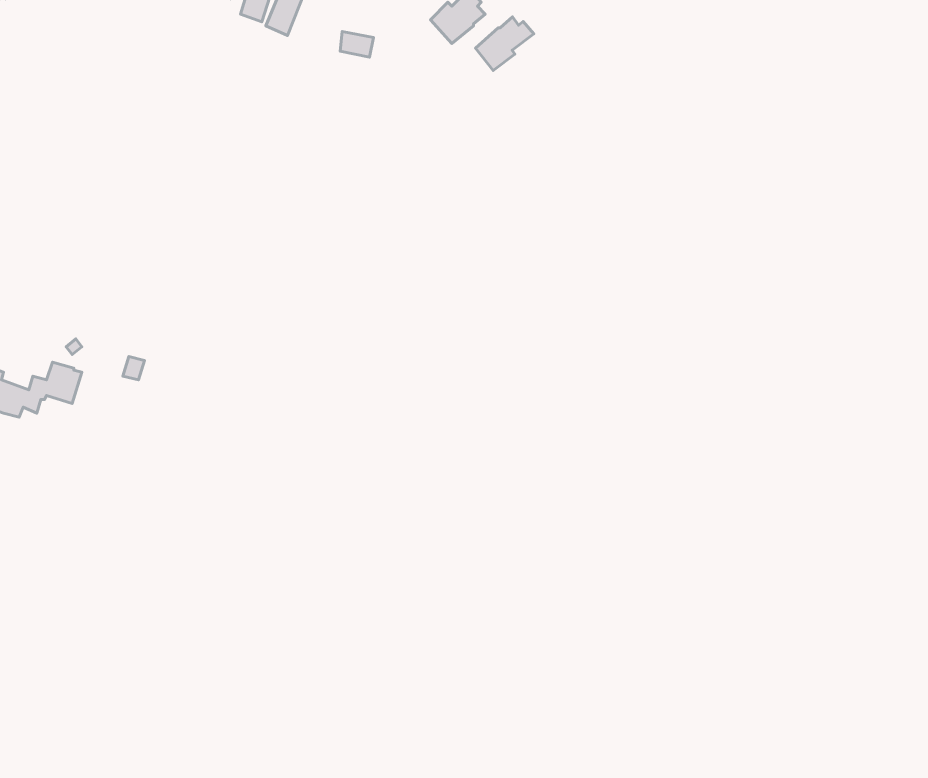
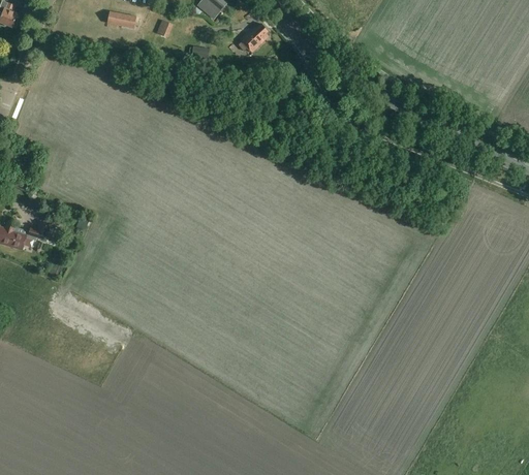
building: [476,17,534,70] -> none

